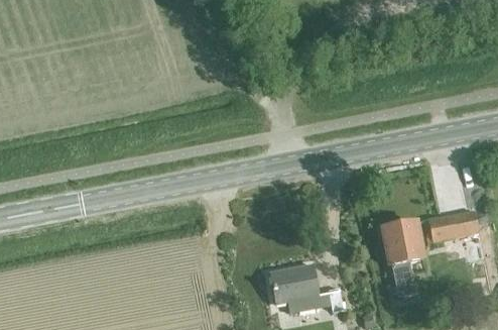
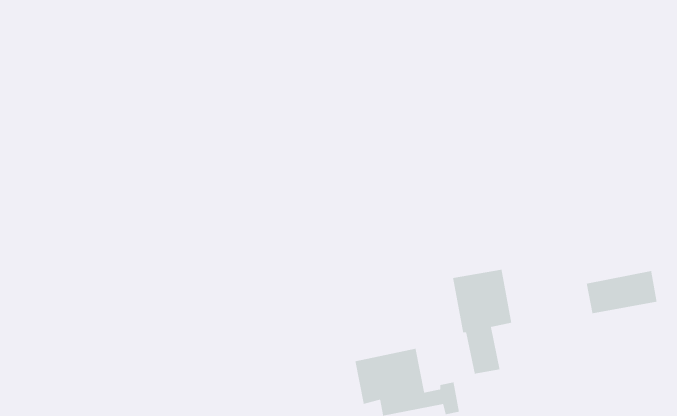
building: [382,220,423,293] -> [452,269,512,374]

